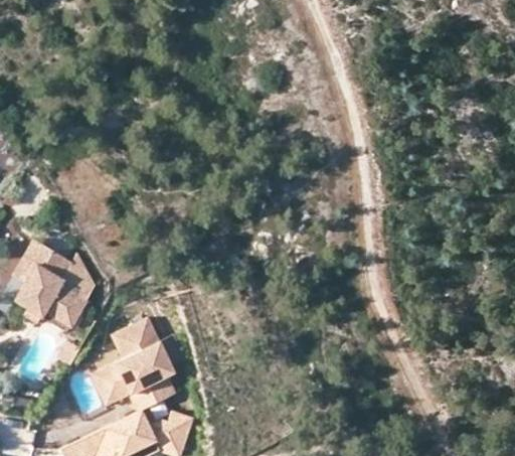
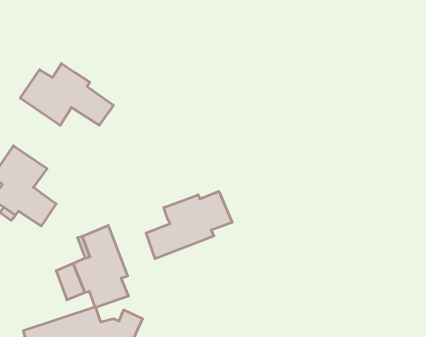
building: none -> [20,63,113,125]
building: none -> [146,191,232,259]

